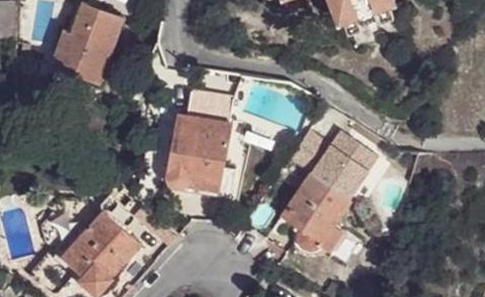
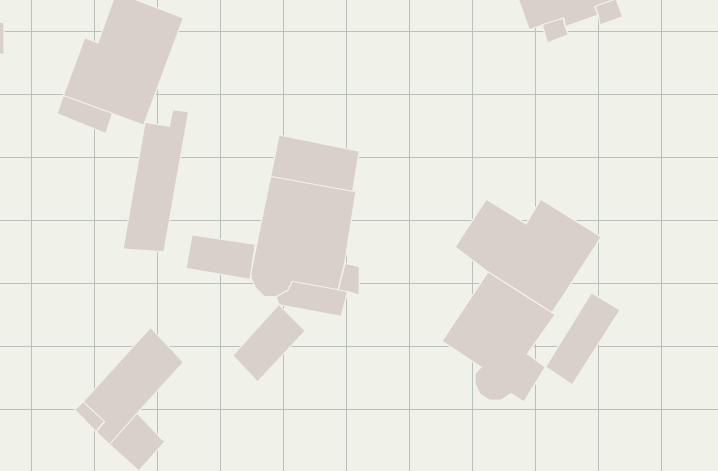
building: none -> [123,110,189,252]
building: none -> [186,235,255,279]
building: none -> [545,293,620,385]
building: [95,230,139,277] -> [233,305,305,382]

